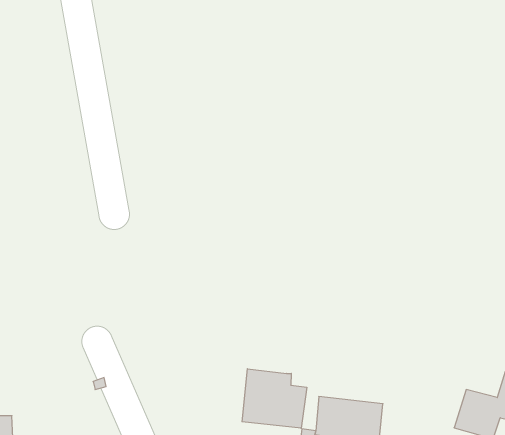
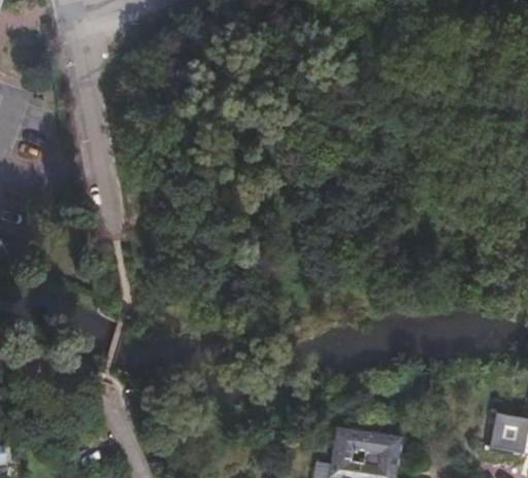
building: [242,369,307,428] -> none

